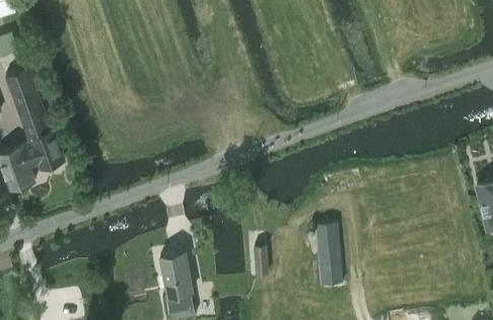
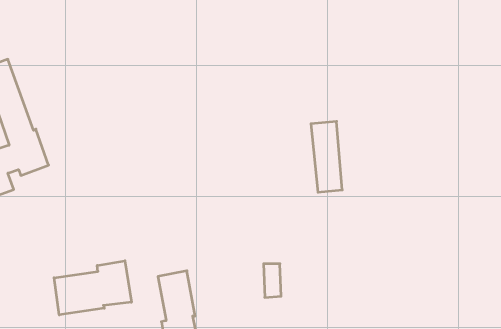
building: [314,223,342,285] -> [311,121,342,192]
building: none -> [54,261,131,315]

